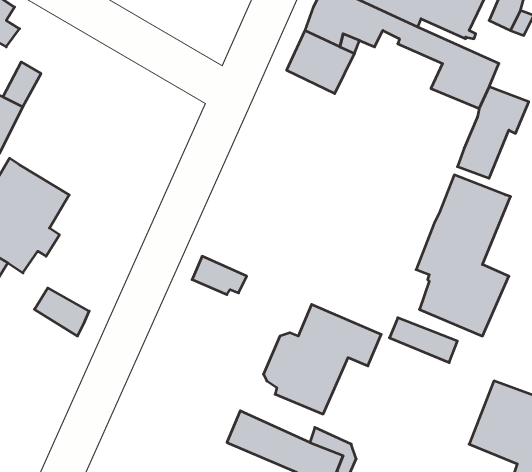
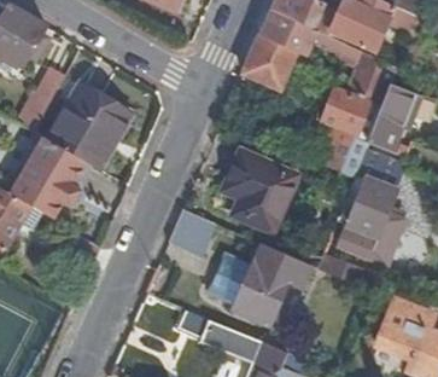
building: none -> [49,85,130,169]
building: none -> [317,85,384,175]
building: none -> [229,150,296,230]

